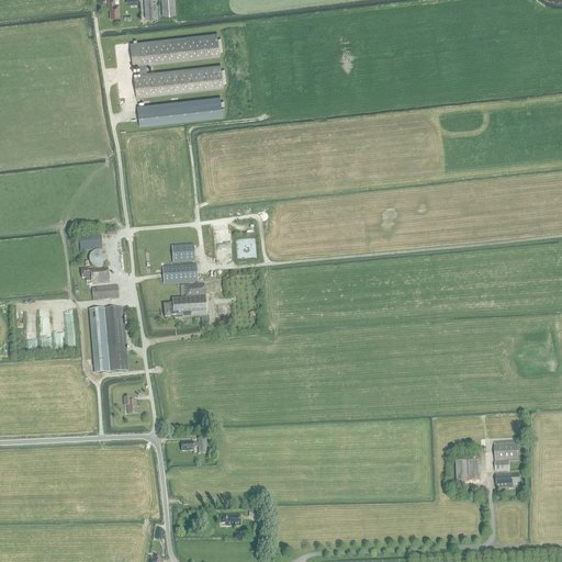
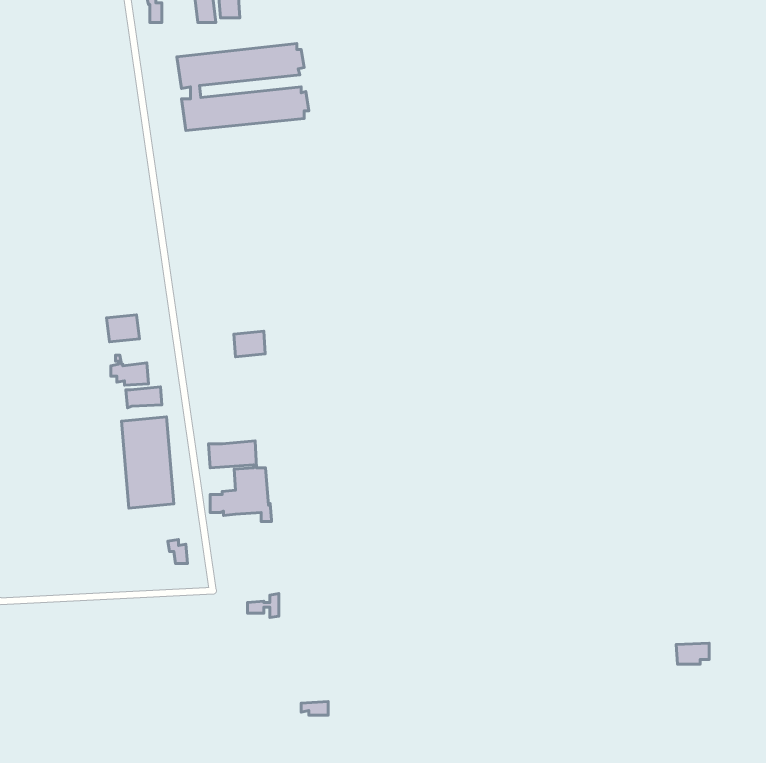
building: [137,94,224,124] -> none
building: [162,262,209,322] -> [209,441,272,522]
building: [494,442,518,470] -> none
building: [456,458,480,480] -> none

